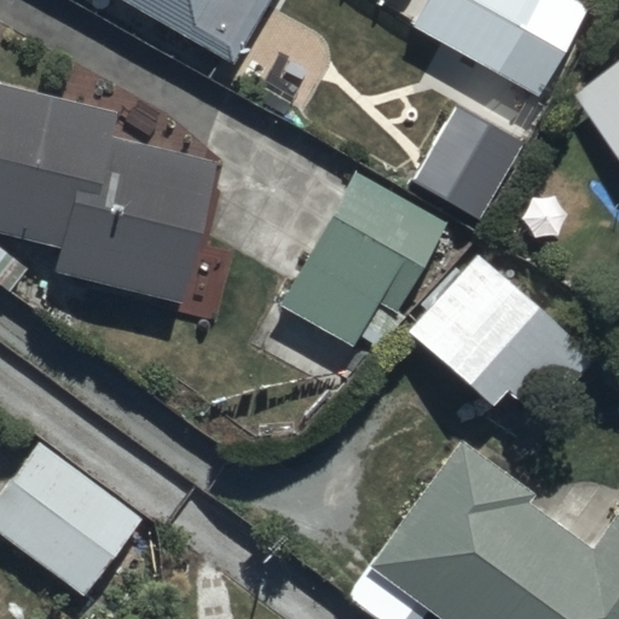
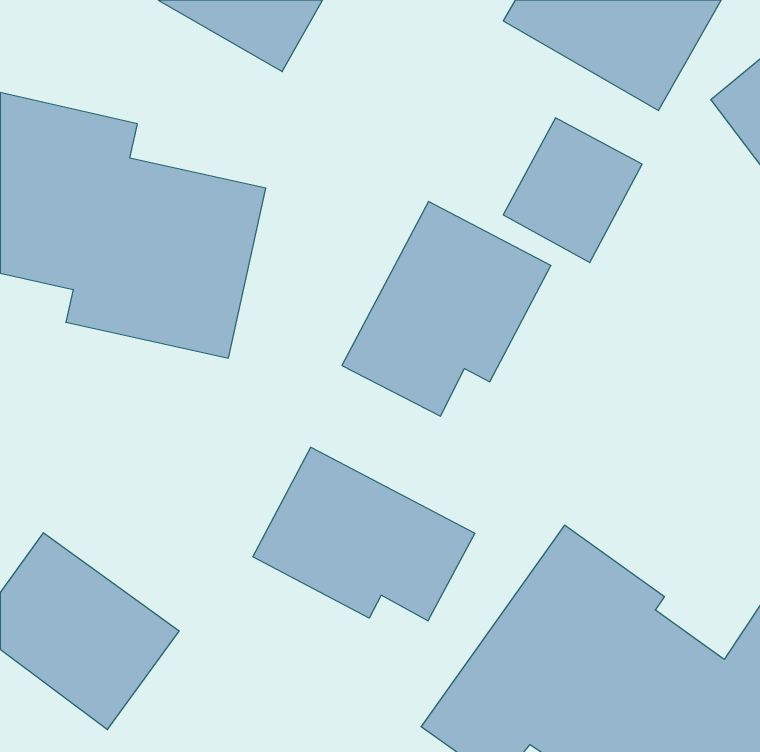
building: [406,254,598,422] -> none
building: none -> [253,447,475,621]

